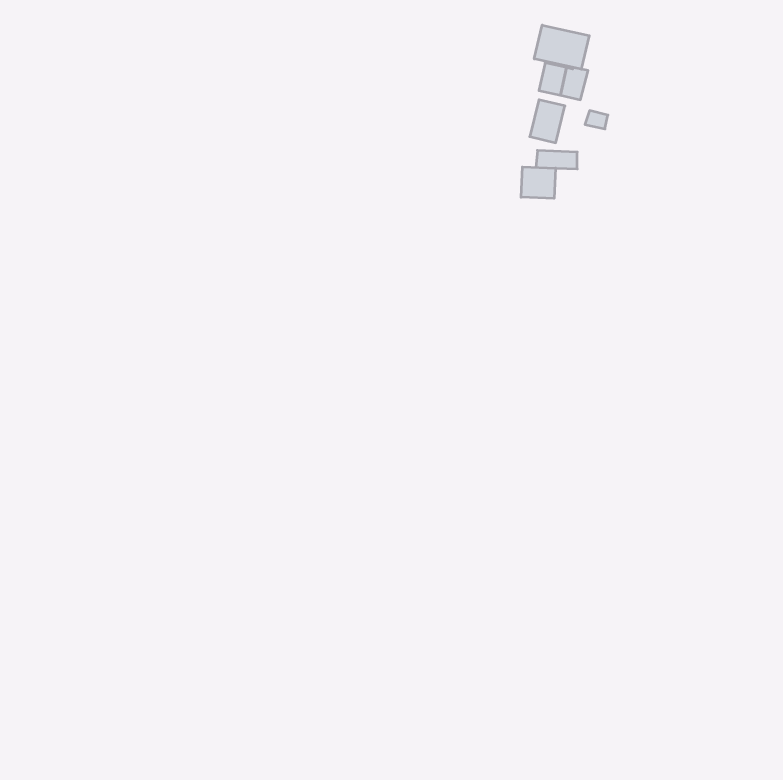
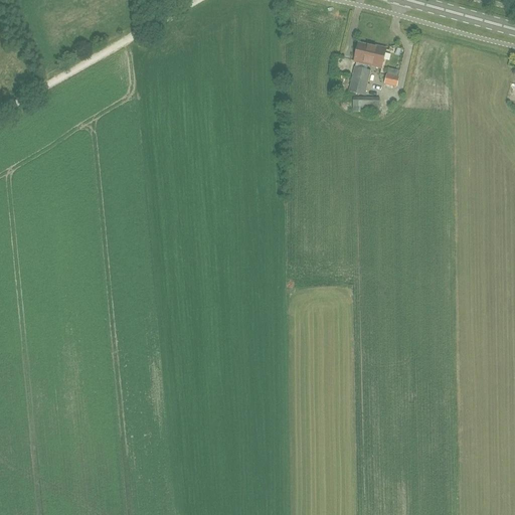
building: [534,25,589,69] -> none
building: [521,167,556,198] -> none

